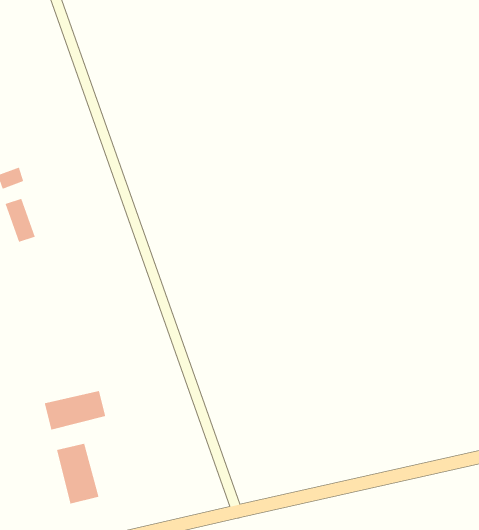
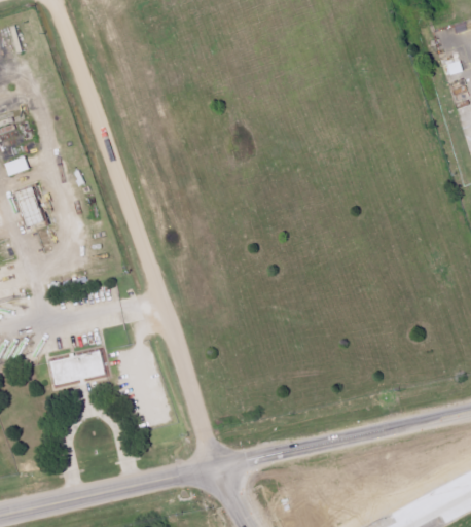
building: [56,443,100,504] -> none

